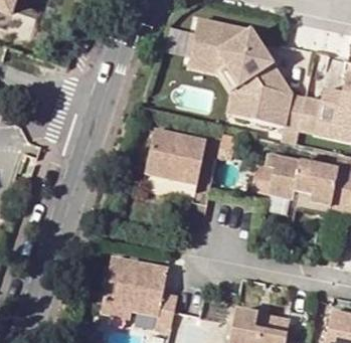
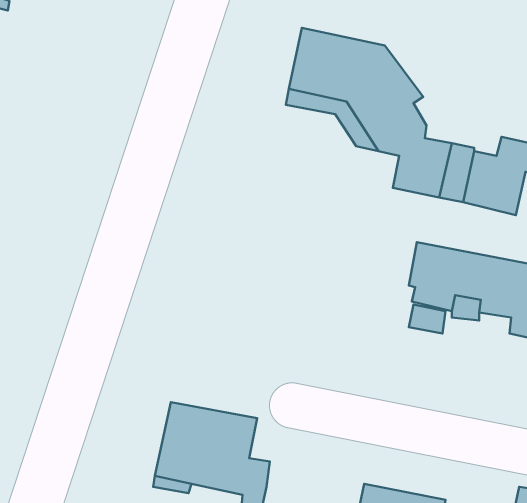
building: [147,133,208,188] -> none

